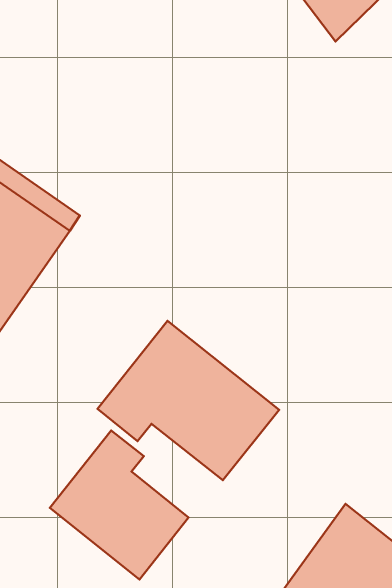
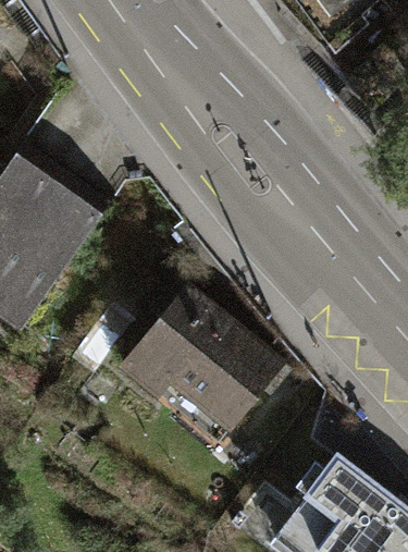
building: [50,431,189,579] -> none

